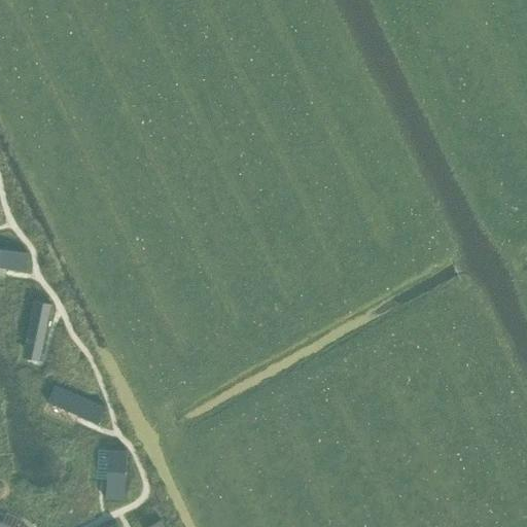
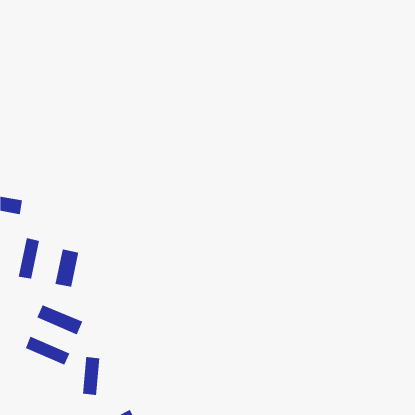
building: none -> [55,248,79,288]
building: none -> [25,336,70,365]

